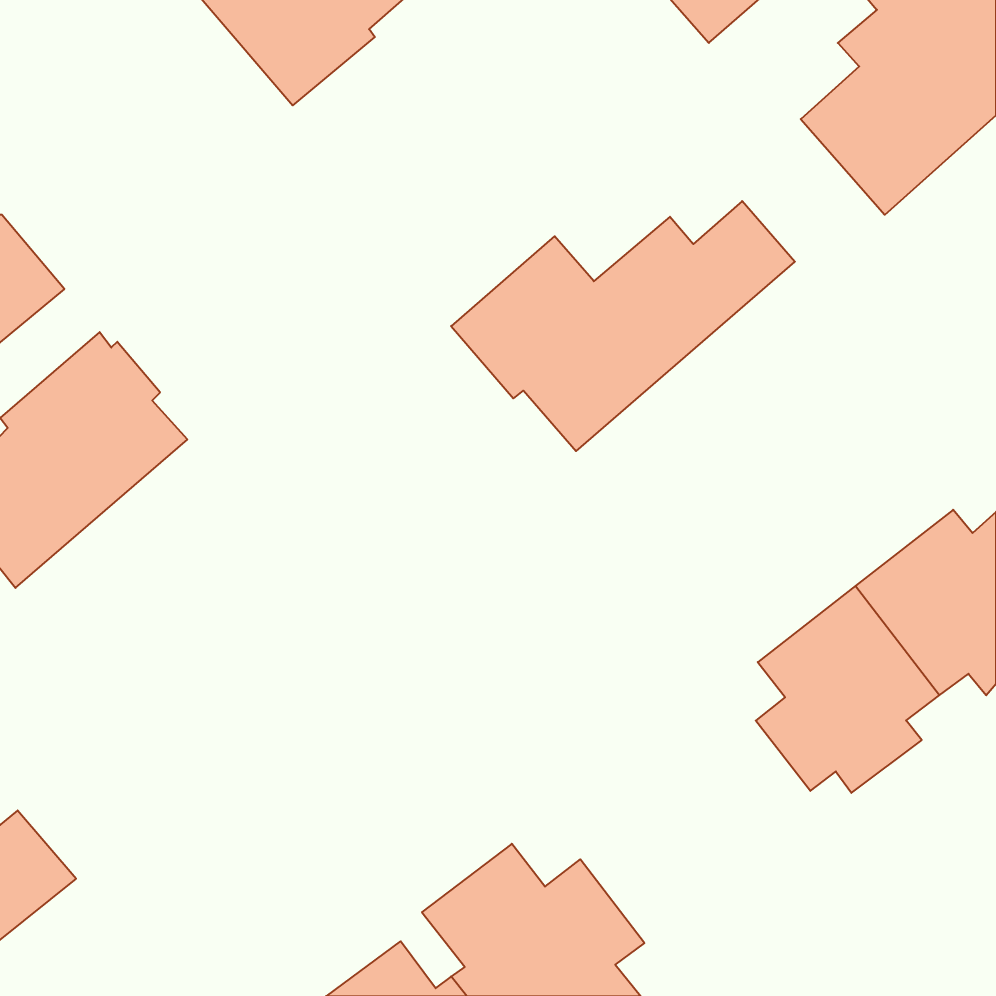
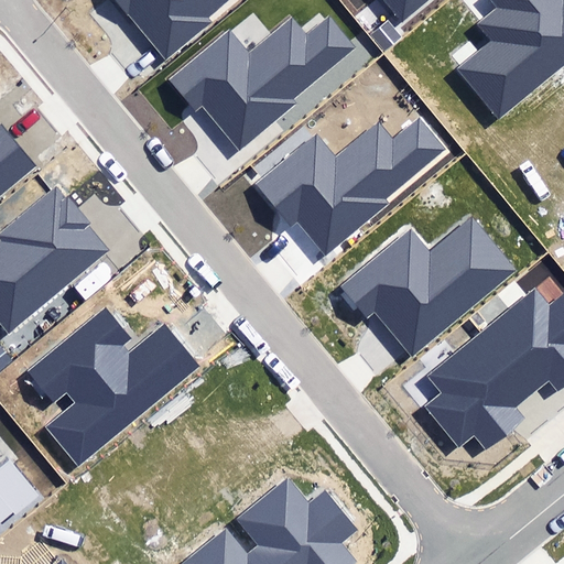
building: none -> [169,15,355,149]
building: none -> [341,218,514,355]
building: none -> [24,305,198,466]

